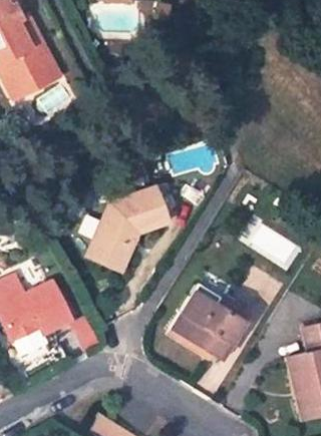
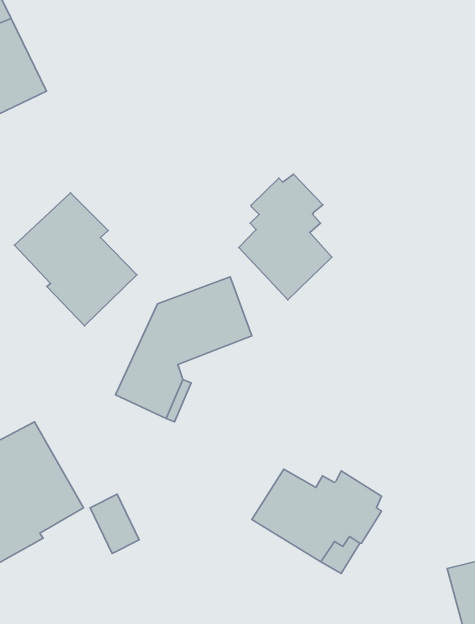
building: none -> [239,174,332,300]
building: none -> [14,193,137,326]

